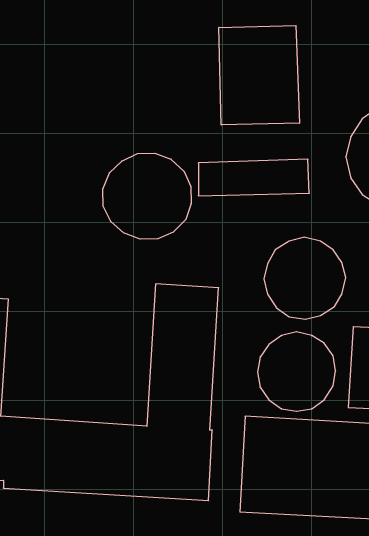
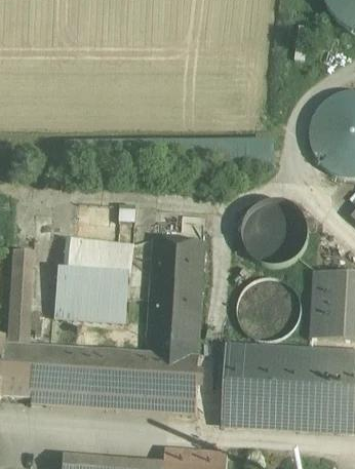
building: [219,26,299,125] -> none
building: [103,153,191,239] -> none
building: none -> [53,235,134,324]

